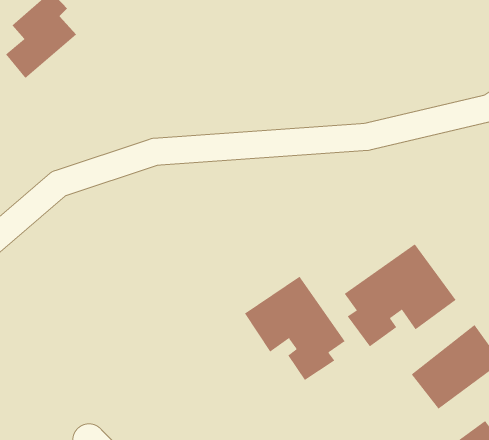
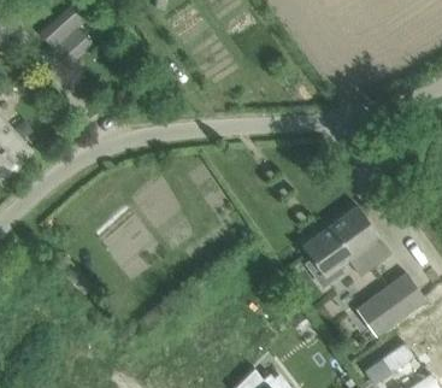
building: [244,276,346,381] -> none

